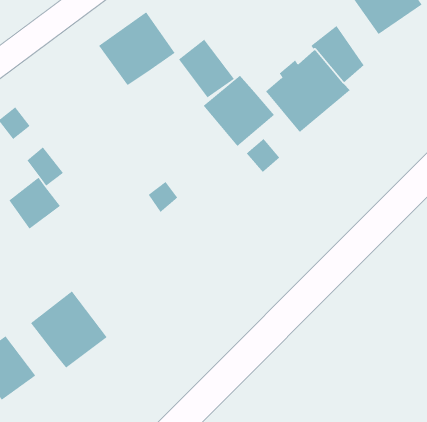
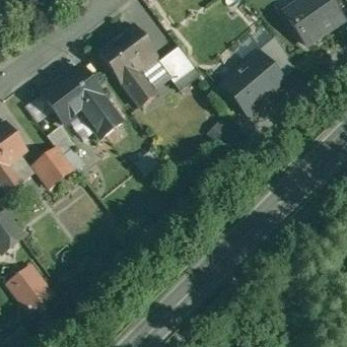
building: none -> [42,65,121,137]
building: none -> [121,70,154,106]
building: [203,75,275,147] -> none
building: [30,291,107,369] -> none

